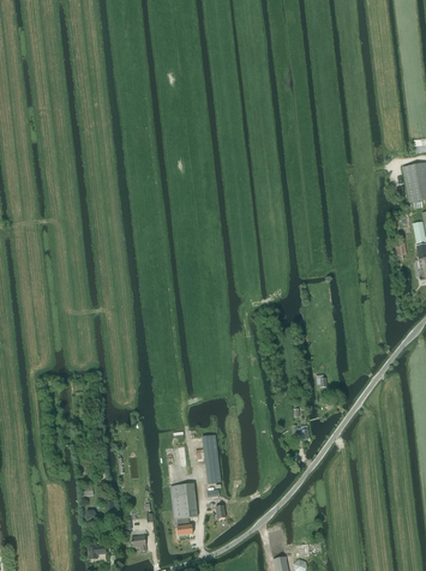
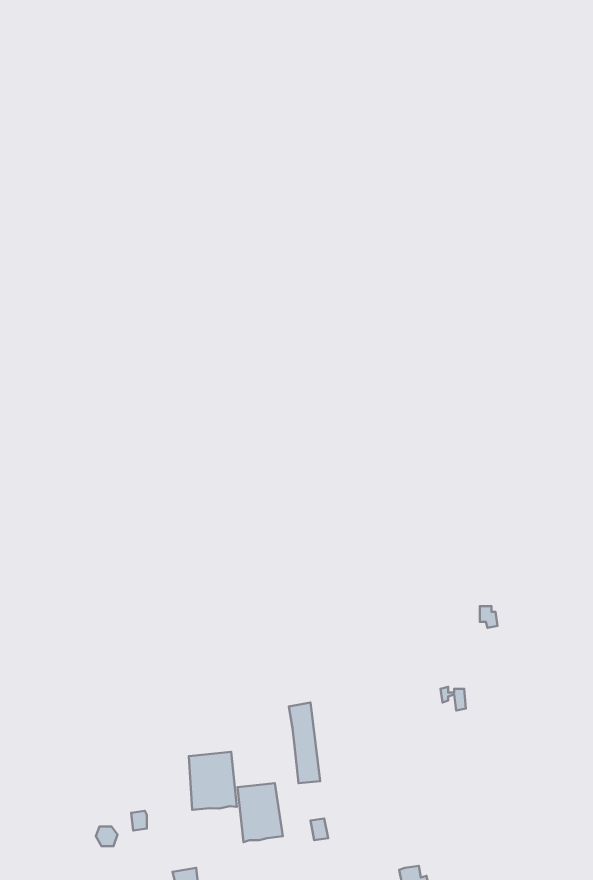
building: none -> [189,752,237,810]

